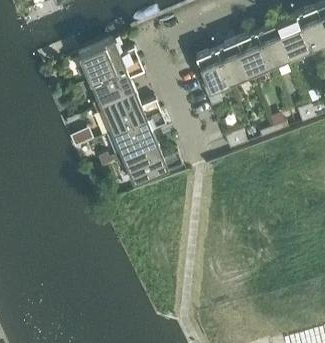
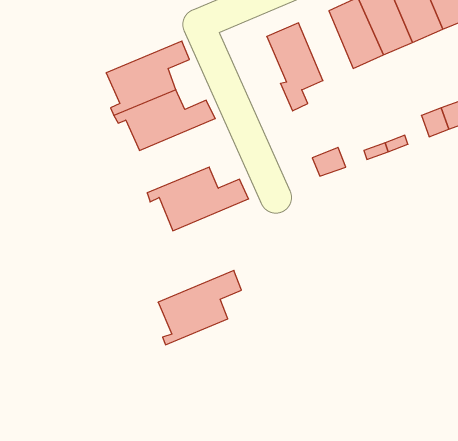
building: [76,39,137,81] -> none
building: [214,40,250,86] -> none
building: [109,111,164,160] -> [158,270,241,345]

